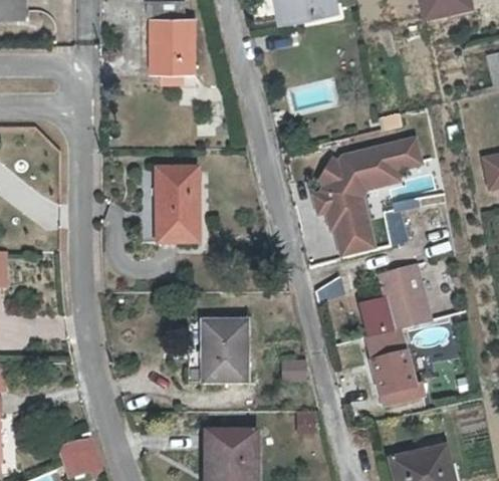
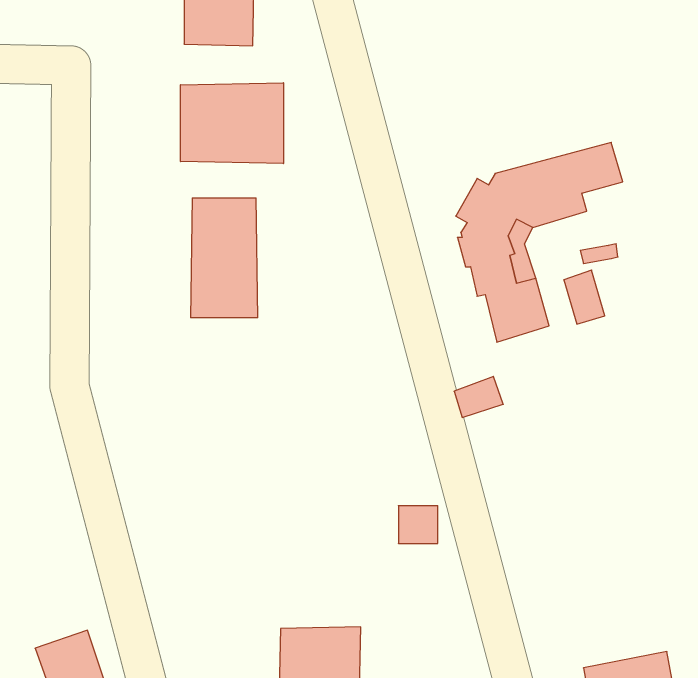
building: none -> [181,83,283,164]
building: [361,263,430,404] -> none
building: [203,321,249,383] -> none

